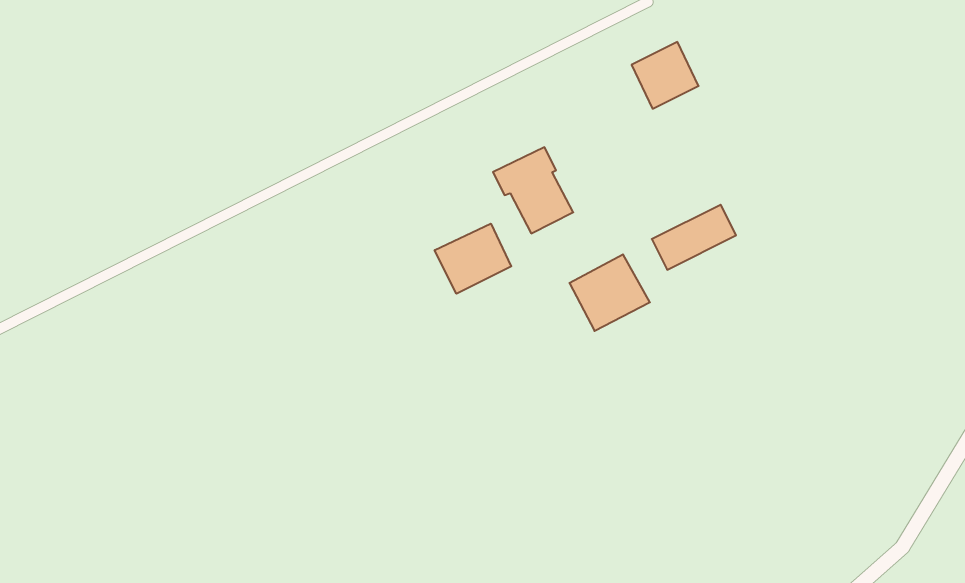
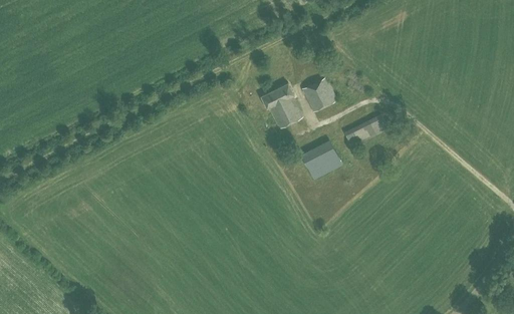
building: [632,42,699,109] -> [302,77,337,112]
building: [435,224,511,294] -> none

